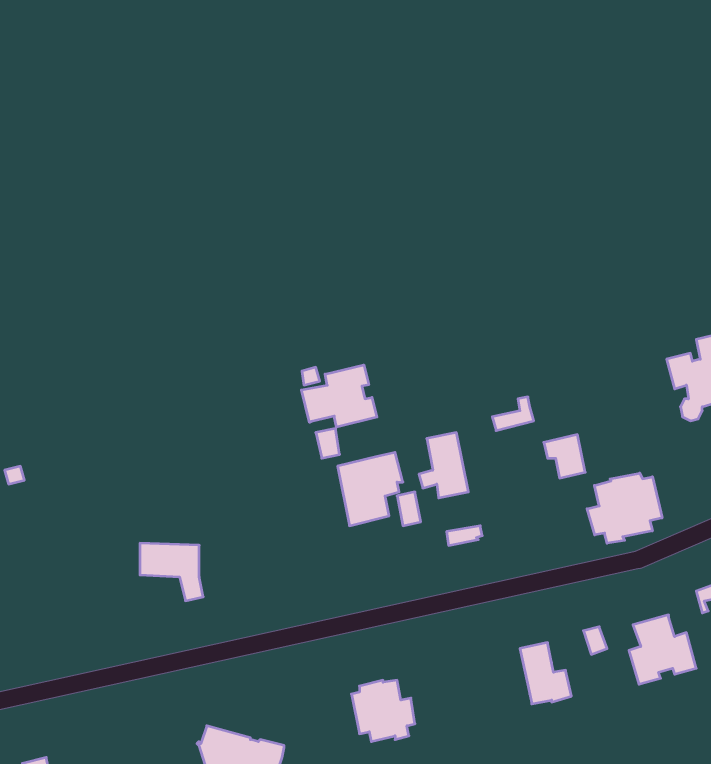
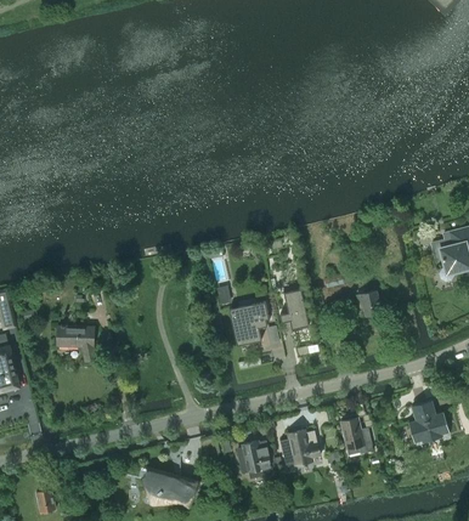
building: [301,365,377,427] -> none
building: [587,473,662,543] -> none
building: [140,543,203,601] -> [57,325,96,361]
building: none -> [281,429,321,464]

